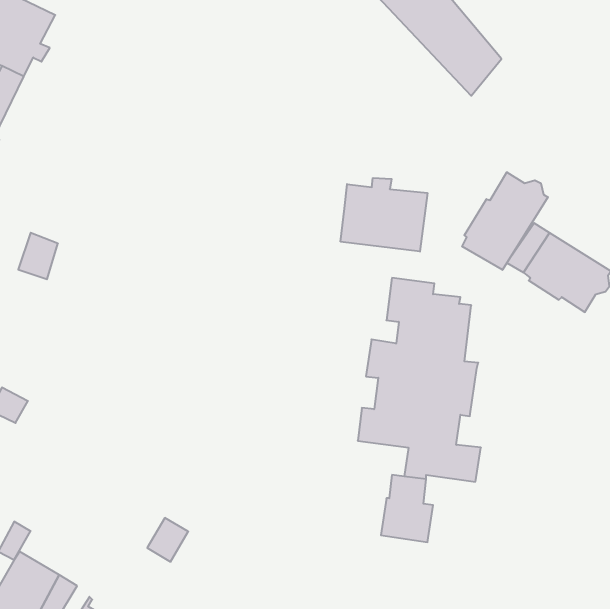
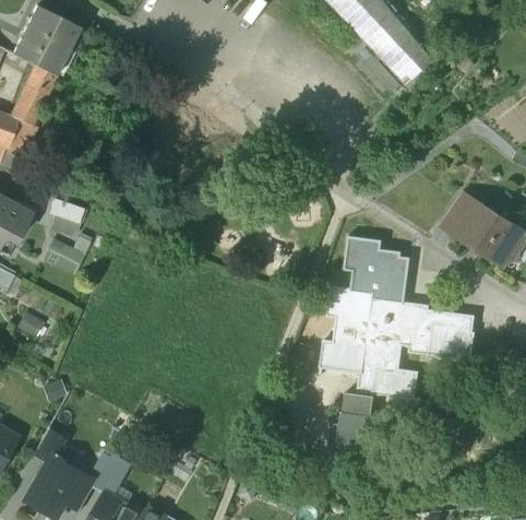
building: [462,172,548,270] -> none
building: [341,178,427,252] -> none
building: none -> [43,239,83,271]
building: none -> [409,307,474,359]
building: [147,518,188,562] -> [96,454,129,489]

